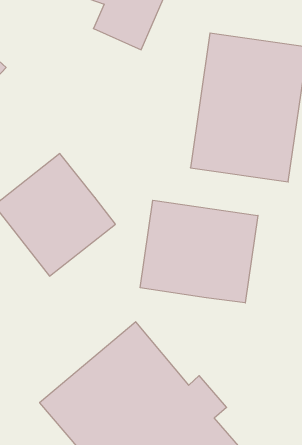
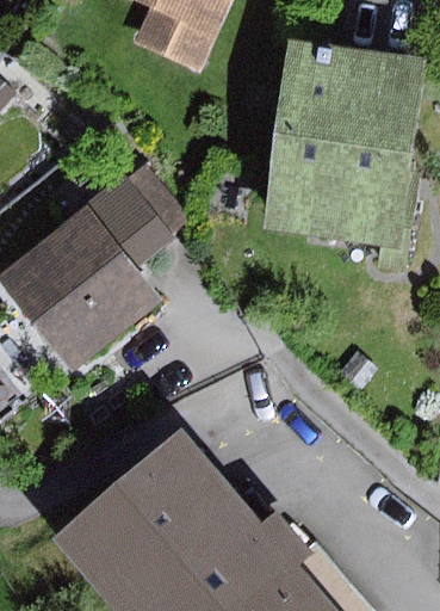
building: none -> [82,163,184,269]
building: [140,200,258,303] -> none

